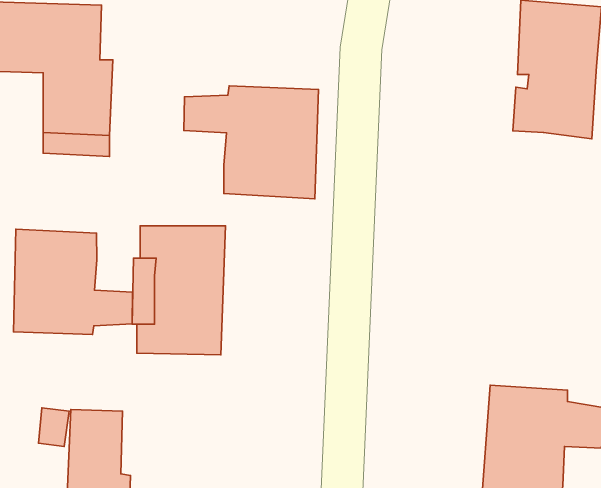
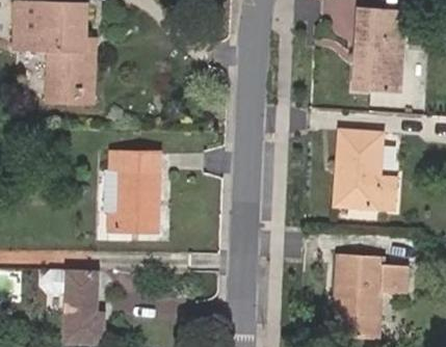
building: [184,86,318,199] -> none
building: none -> [331,127,397,211]
building: [13,229,133,335] -> none

